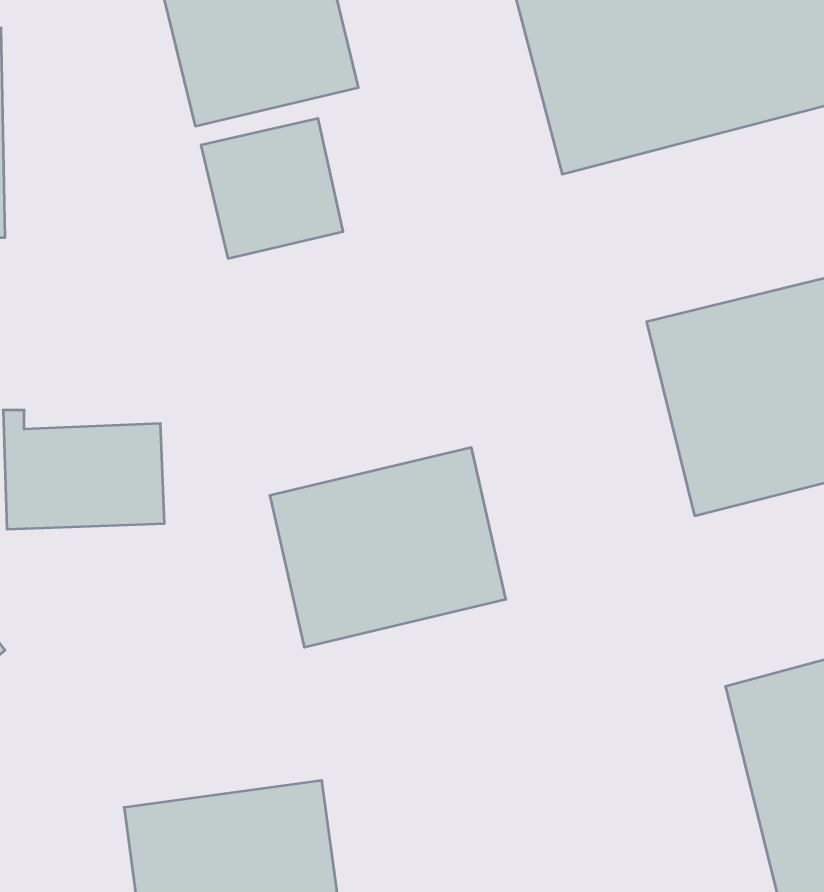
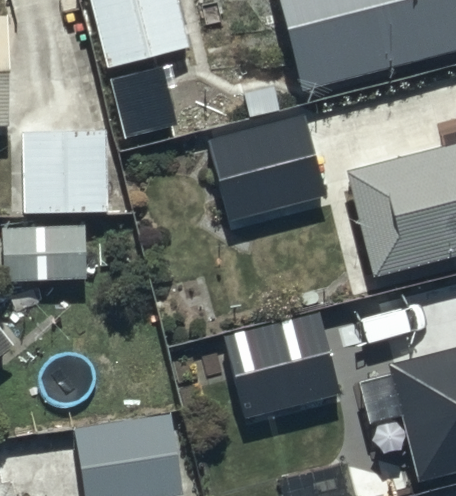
building: none -> [208,115,328,222]
building: none -> [21,132,113,215]
building: [270,448,506,647] -> [222,311,345,415]

